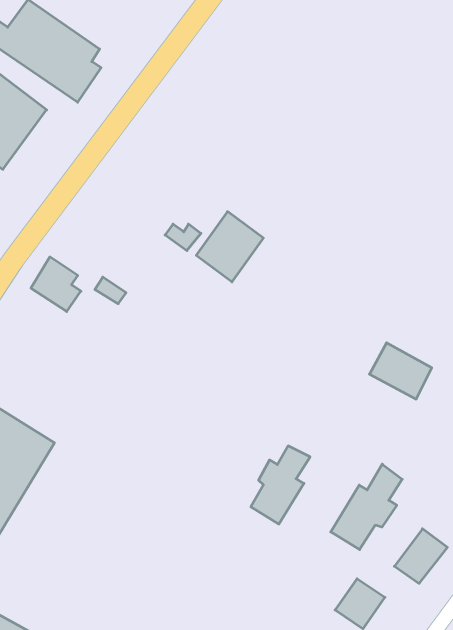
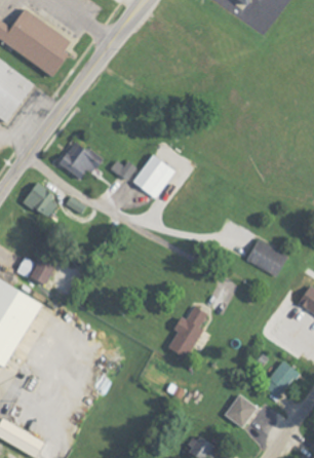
building: none -> [58,143,101,177]
building: none -> [17,253,56,285]
building: [331,464,402,550] -> none

